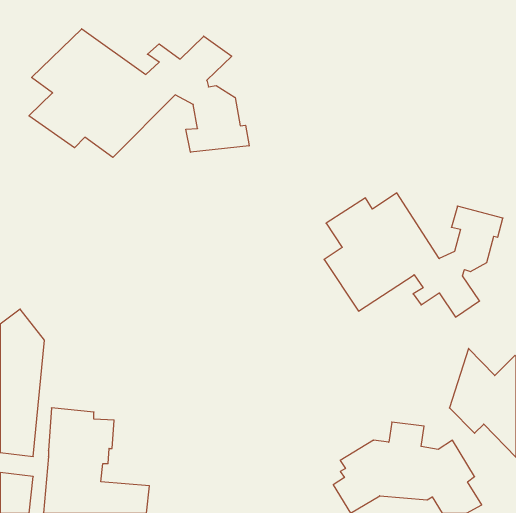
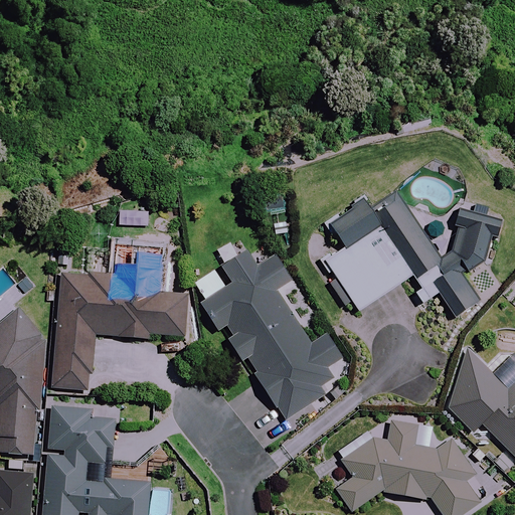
building: [29,29,249,157] -> none
building: none -> [192,250,341,422]
building: none -> [54,262,186,391]

